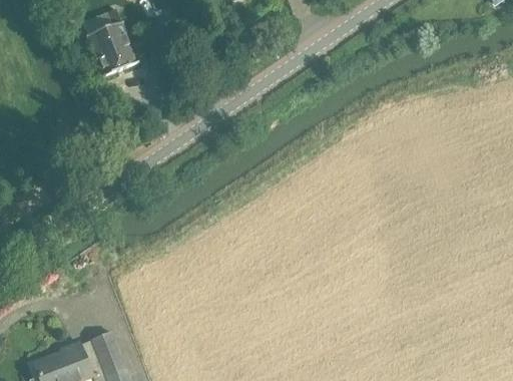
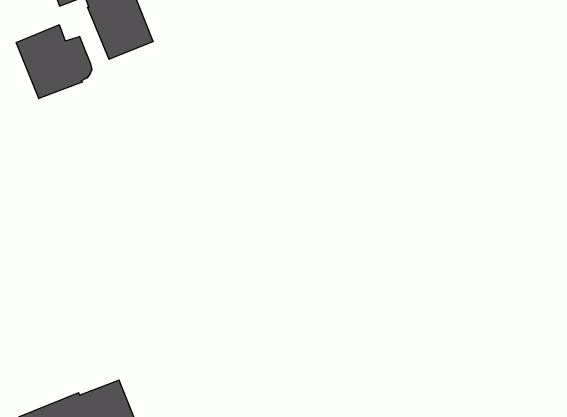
building: none -> [16,25,92,99]

